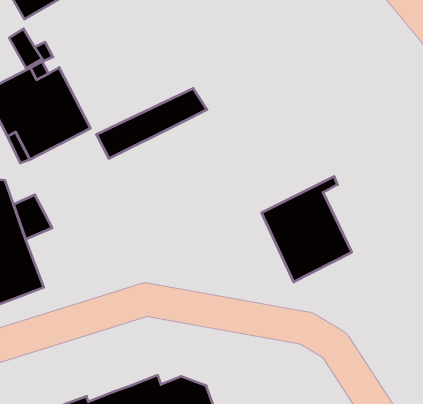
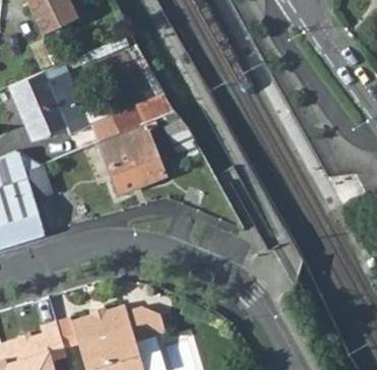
building: [262,177,352,282] -> [99,118,164,194]

